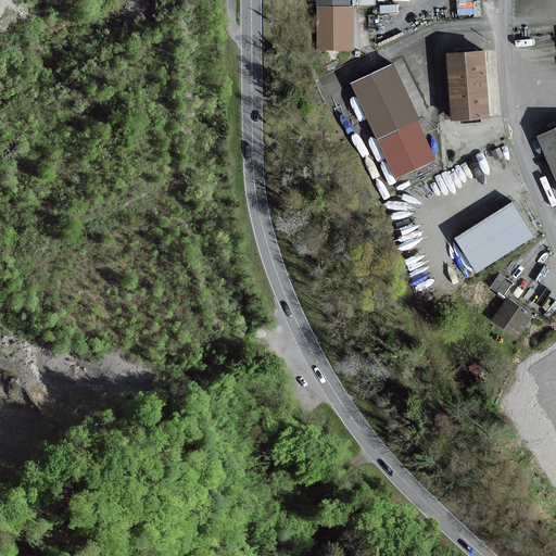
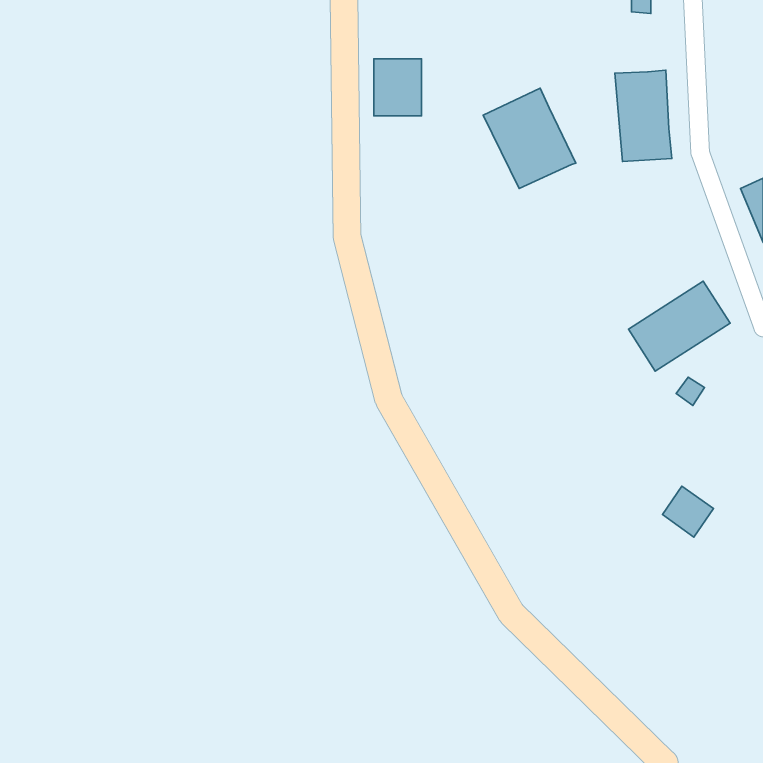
building: [317,7,352,48] -> [374,59,422,116]
building: [377,119,433,176] -> none
building: [493,299,530,336] -> [662,486,713,537]

